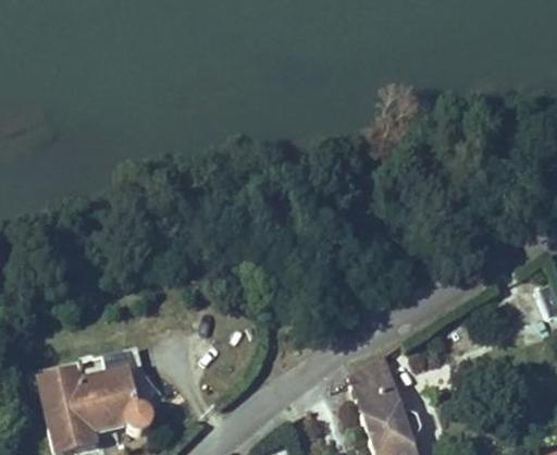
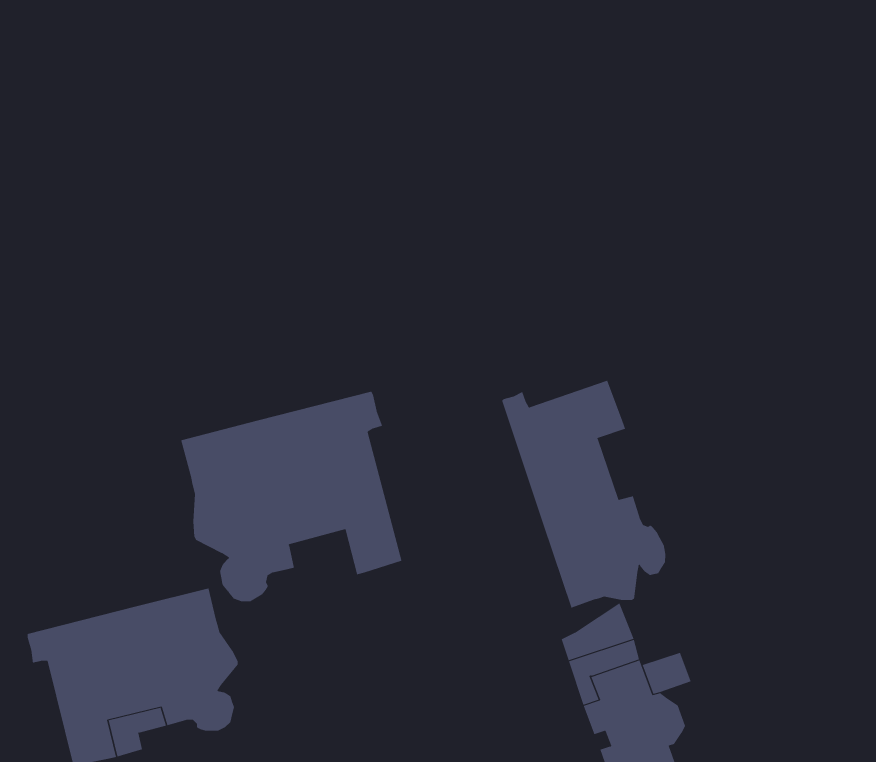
building: none -> [501,380,666,609]
building: none -> [180,391,402,602]

